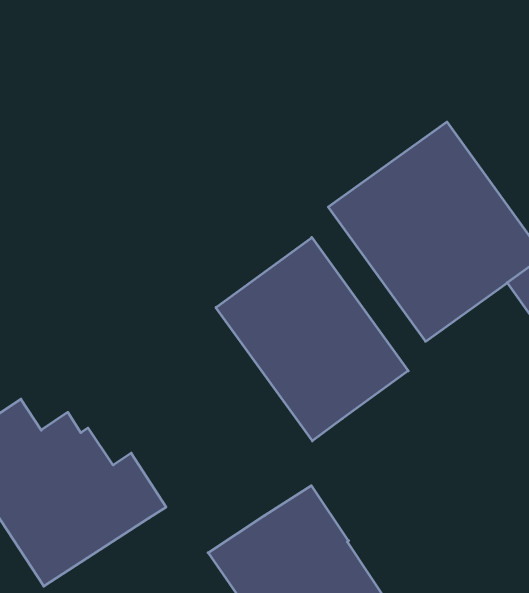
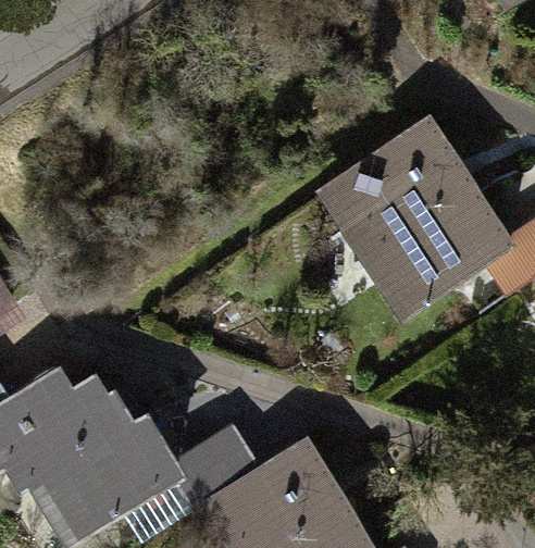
building: [216,237,408,441] -> none
building: none -> [163,429,268,525]

